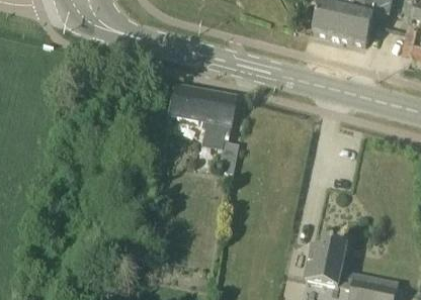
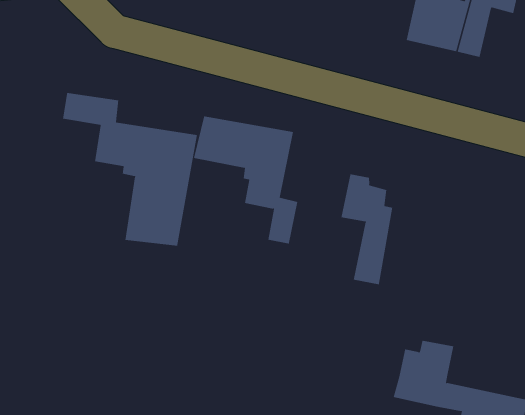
building: none -> [63,92,197,246]
building: none -> [341,173,393,285]

